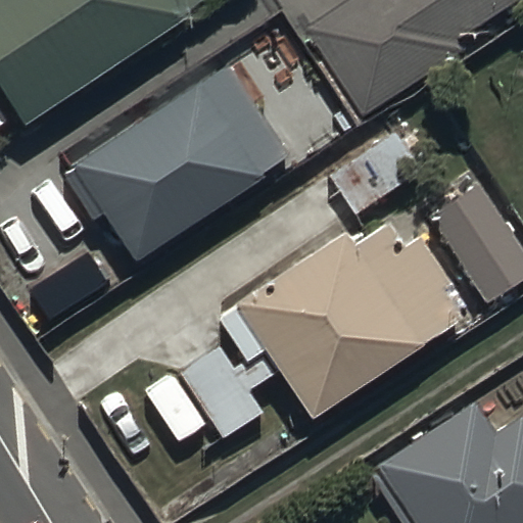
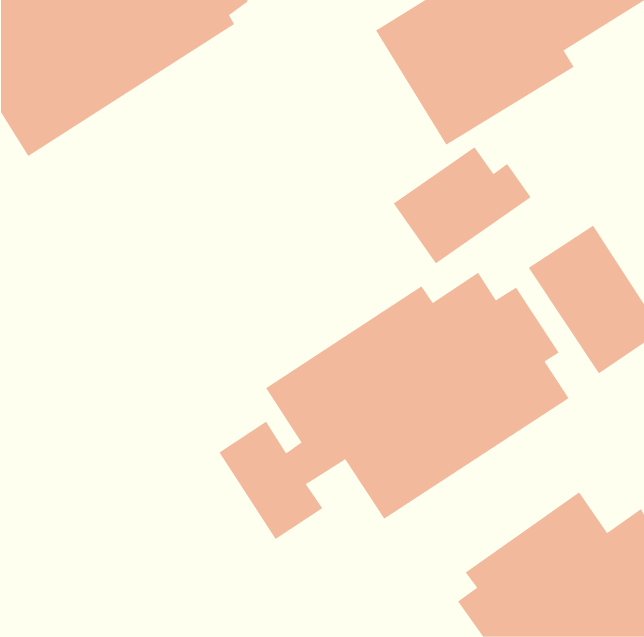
building: [68,65,288,267] -> none

